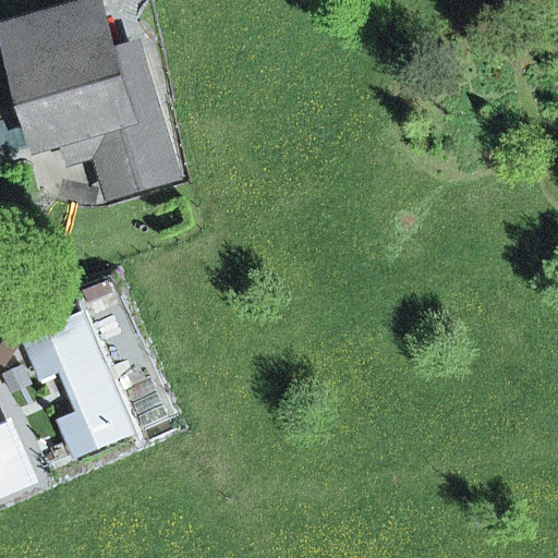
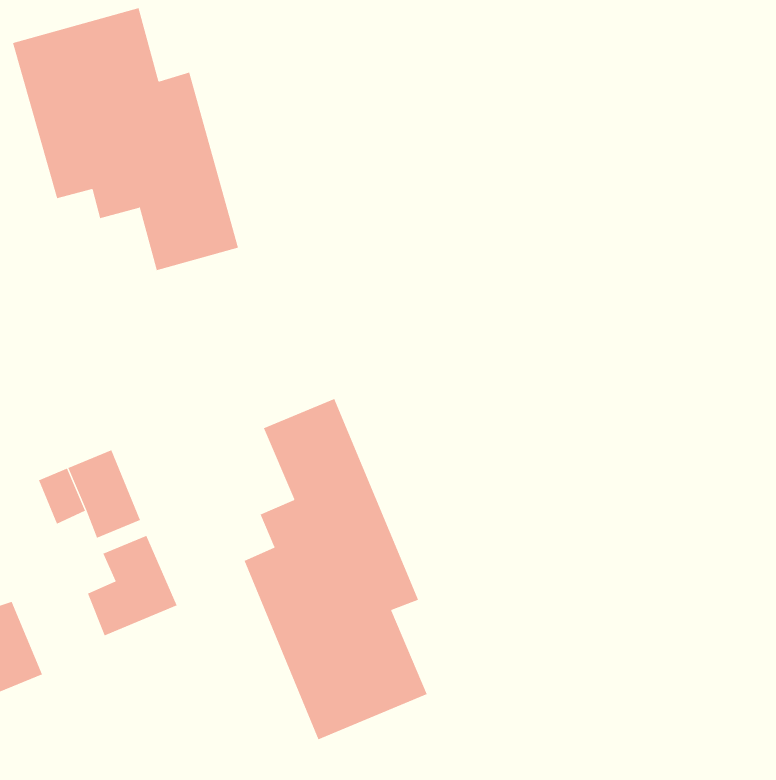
building: none -> [244,398,428,740]

